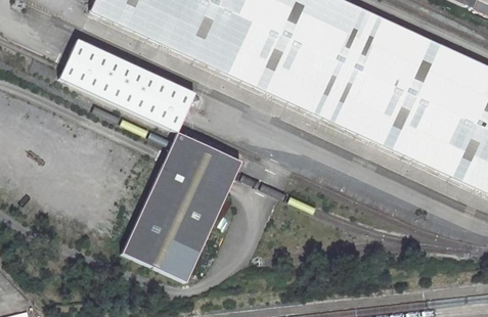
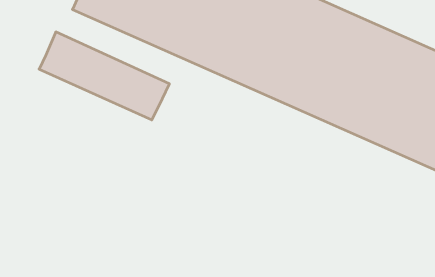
building: [124,131,239,279] -> none

